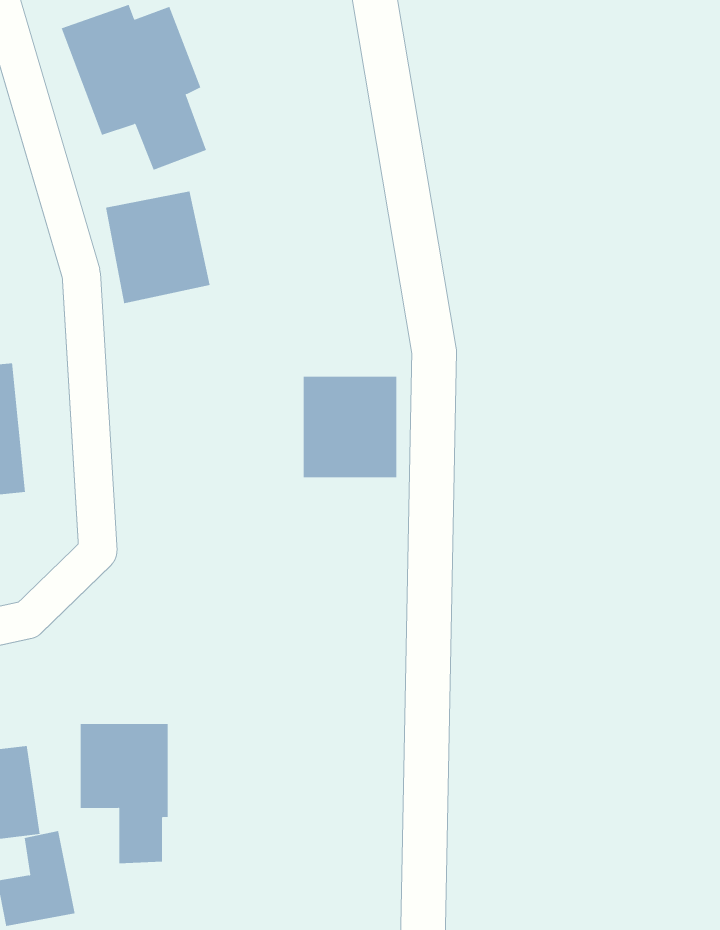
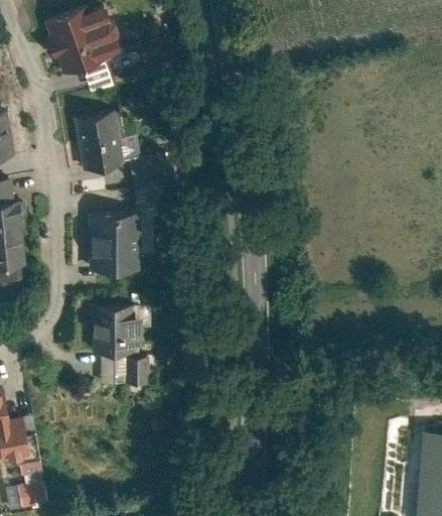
building: [303,376,397,478] -> [89,217,140,272]
building: [80,723,168,864] -> [95,305,143,382]

